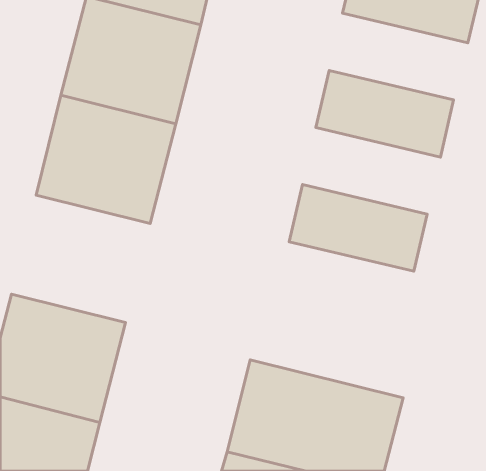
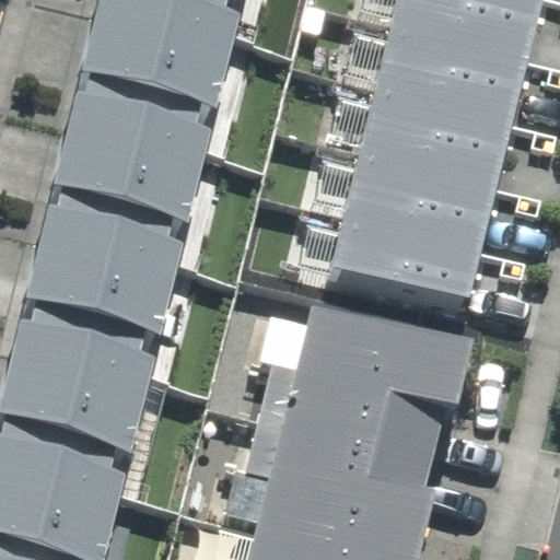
building: none -> [378,15,538,115]
building: none -> [348,147,506,246]
building: none -> [13,224,173,371]
building: none -> [288,307,490,457]

